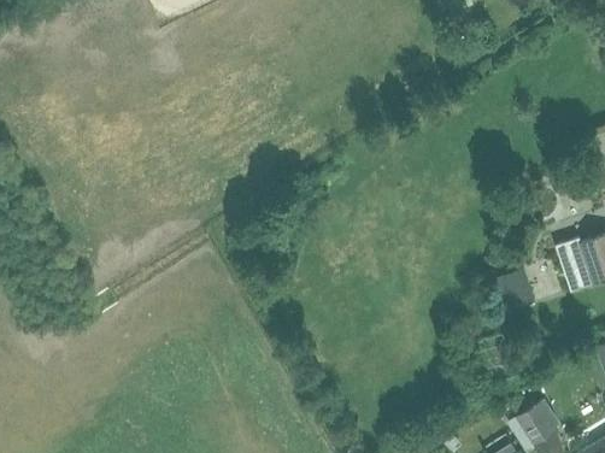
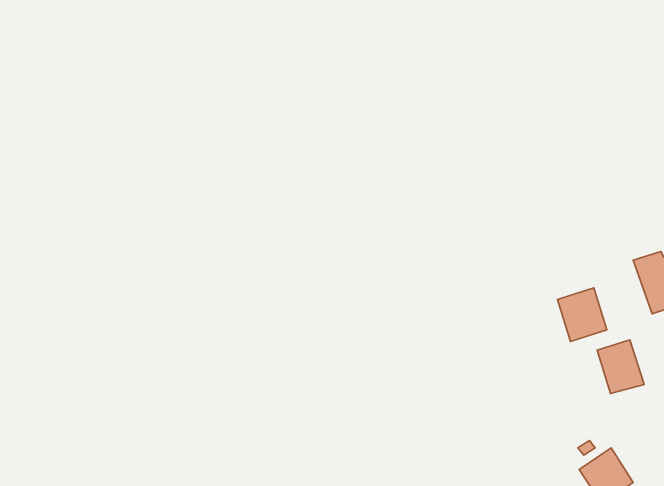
building: none -> [597,340,644,394]

